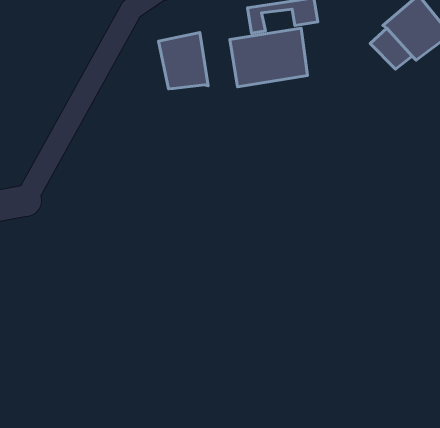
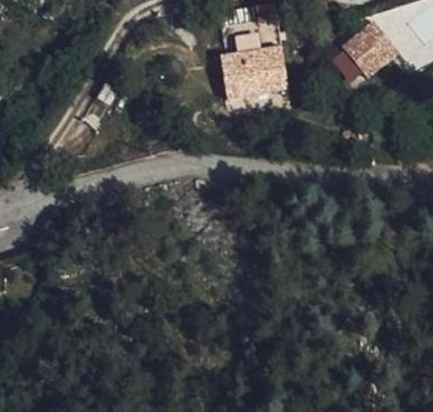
building: [158,33,208,89] -> none

